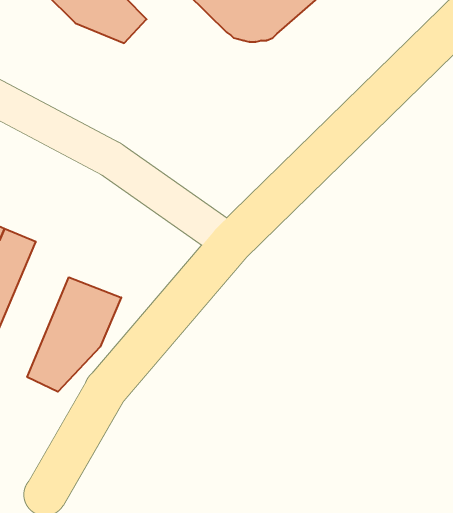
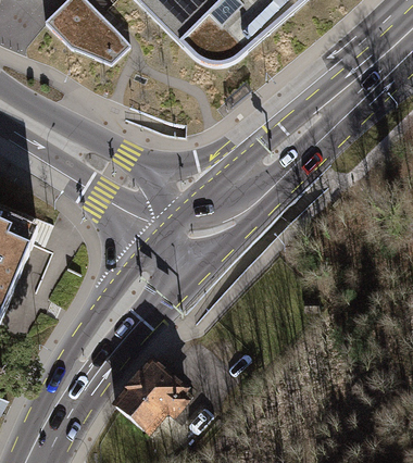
building: [27,277,121,392] -> none
building: none -> [114,355,191,427]

